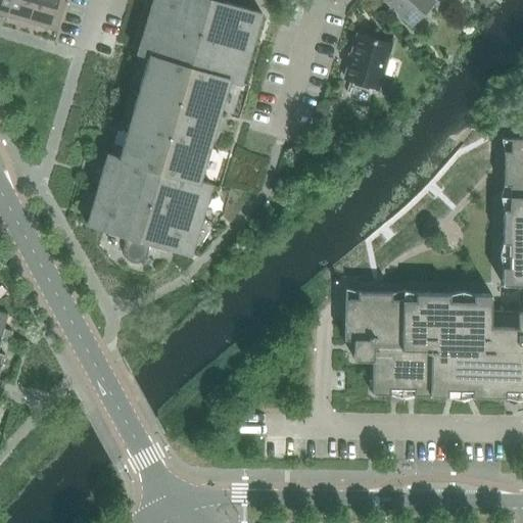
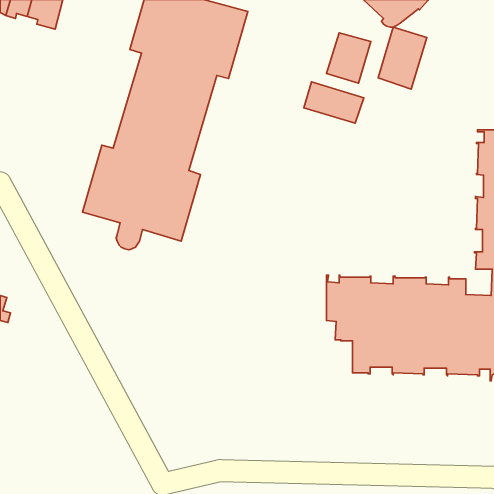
building: none -> [378,27,427,89]
building: none -> [304,82,364,123]

